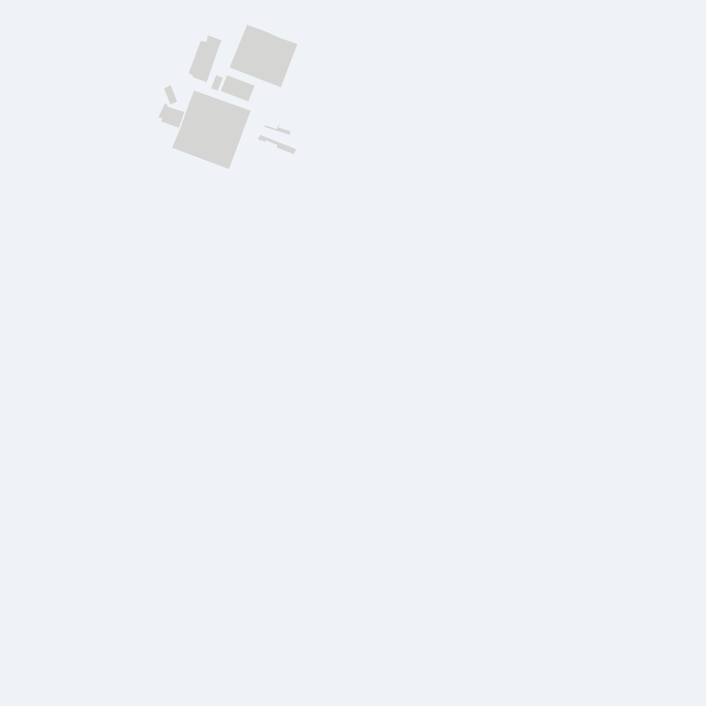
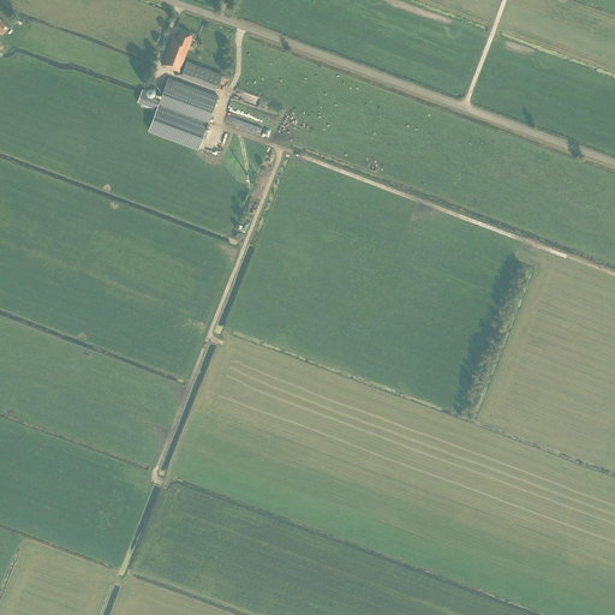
building: [229,24,298,88] -> none

